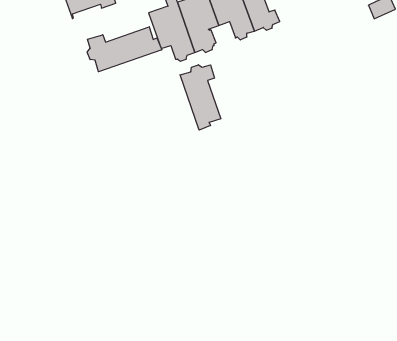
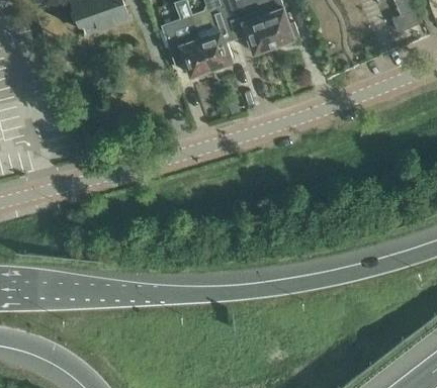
building: [87,27,162,72] -> none
building: [180,65,221,130] -> none

